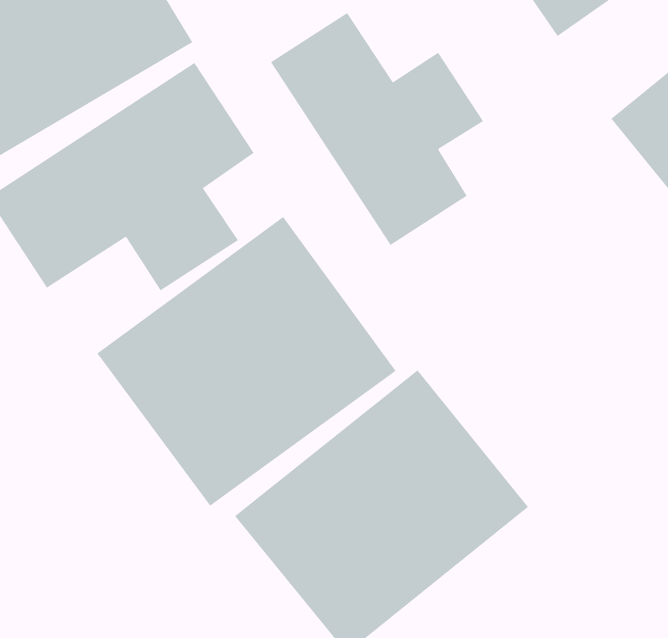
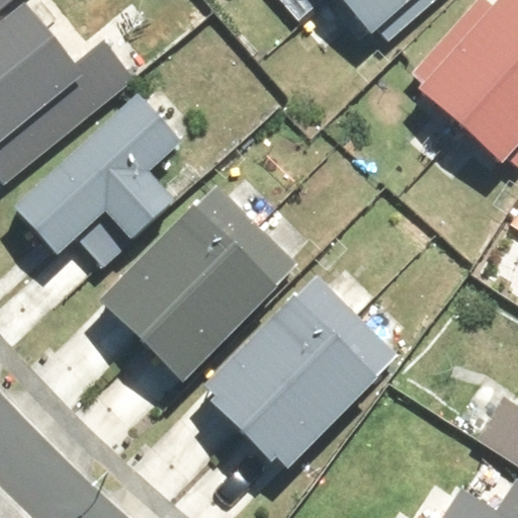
building: [270,12,484,246] -> none

